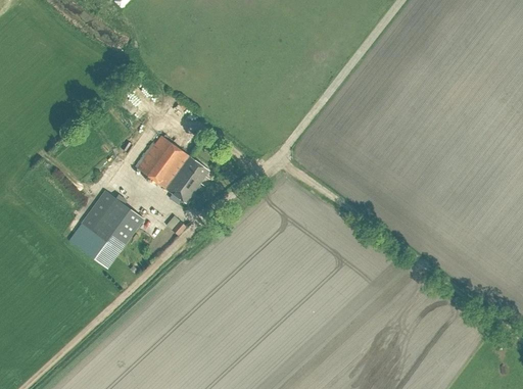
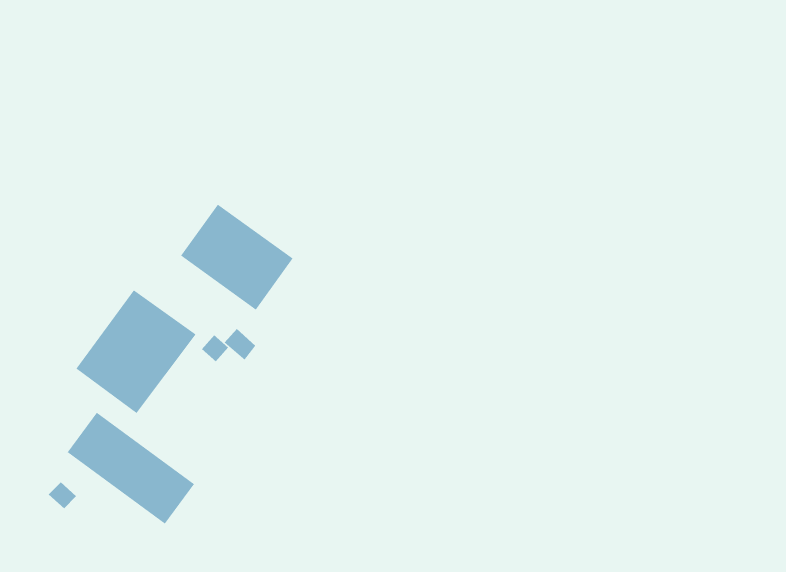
building: none -> [67,412,195,524]

